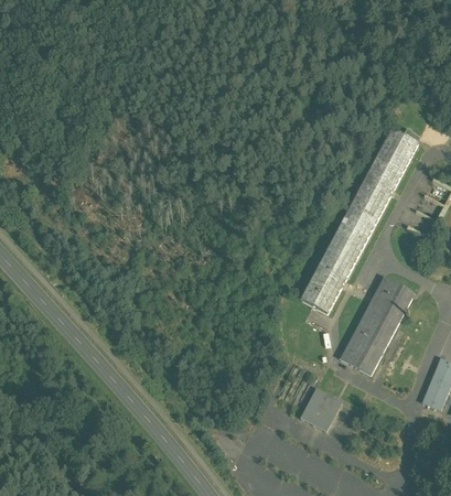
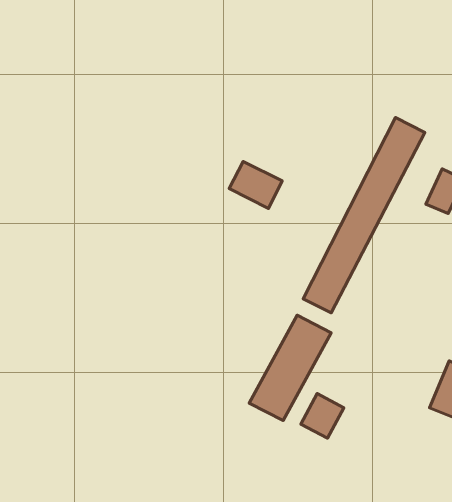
building: none -> [229,162,282,209]
building: [339,274,416,374] -> [249,315,331,421]

